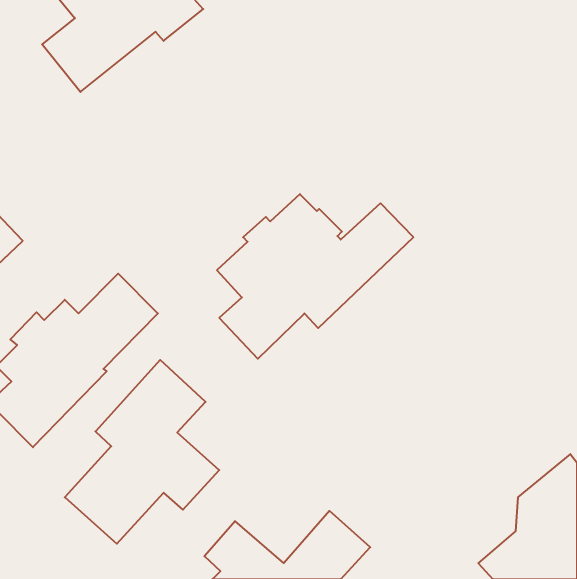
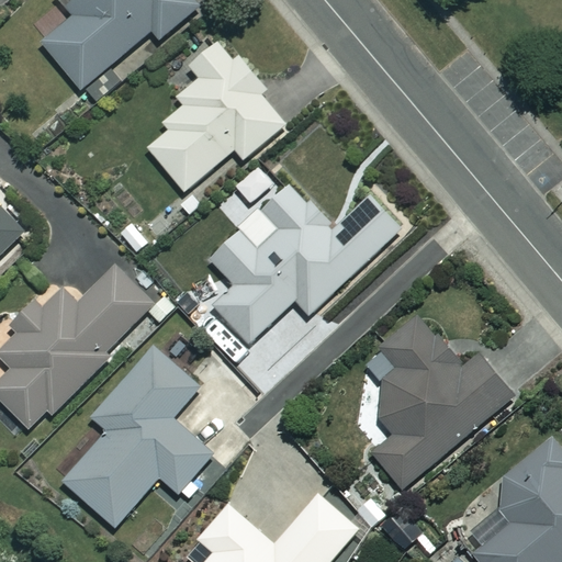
building: none -> [145,38,284,191]
building: none -> [372,315,510,488]

